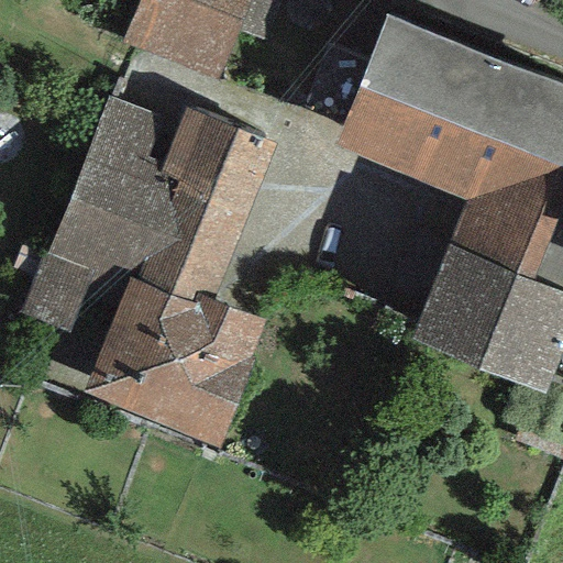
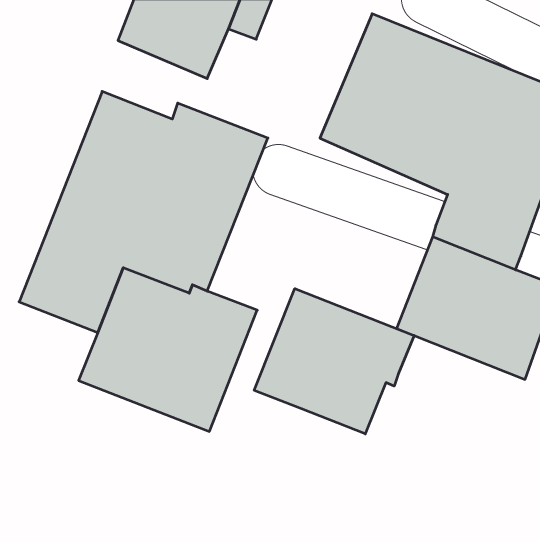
building: none -> [254,289,414,434]

